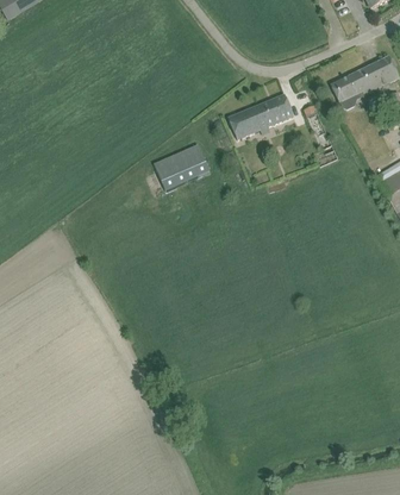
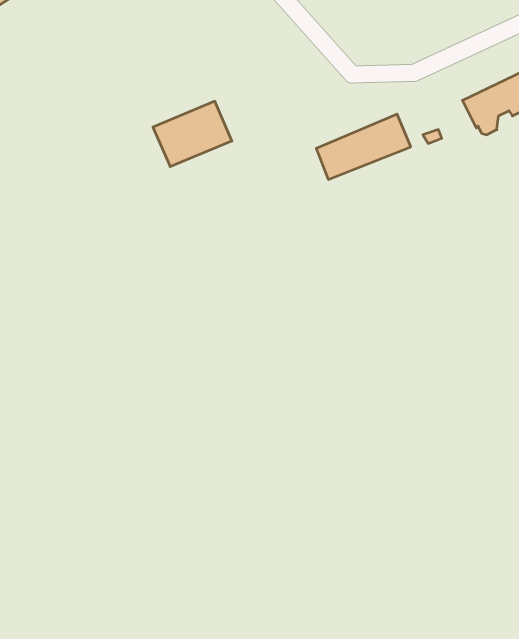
building: [155,144,210,189] -> [153,101,232,167]

